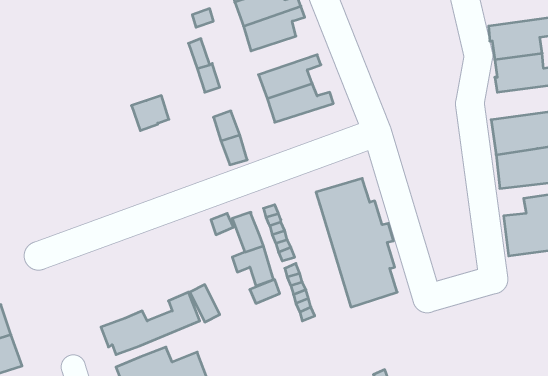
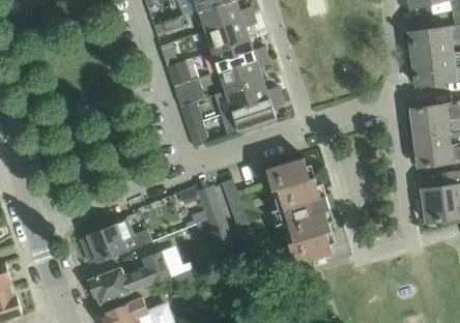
building: none -> [211,39,266,71]
building: [131,96,169,131] -> [173,78,204,107]
building: none -> [231,95,283,131]
building: none -> [80,221,150,264]

